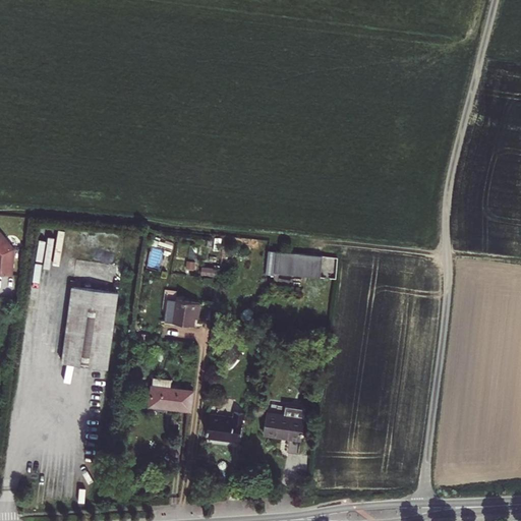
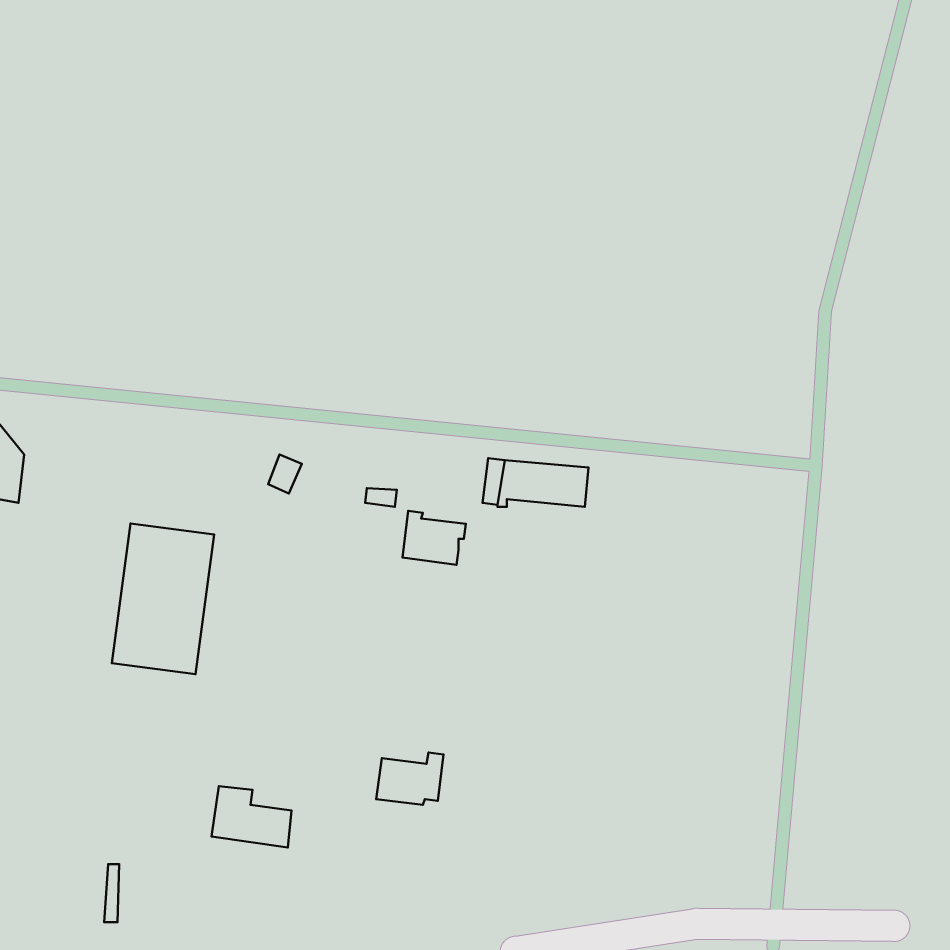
building: [164,297,198,327] -> [402,511,466,565]
building: [149,379,192,412] -> [211,786,291,848]
building: [263,407,304,439] -> none

